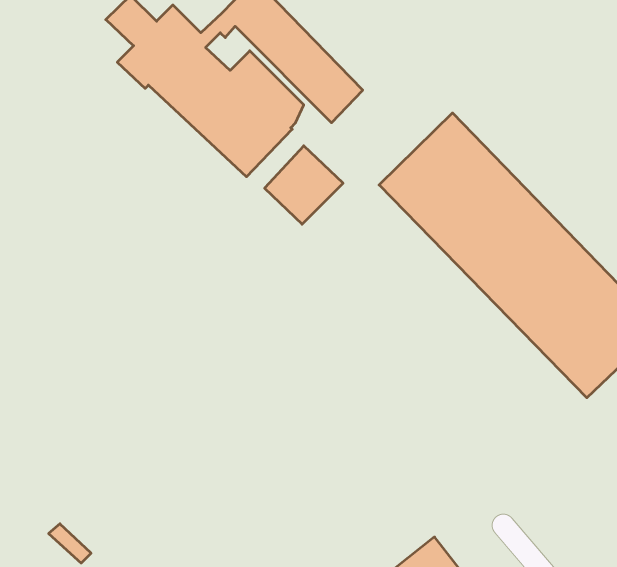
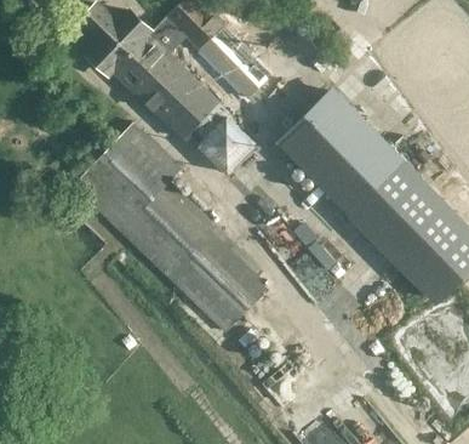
building: none -> [72,133,265,331]

